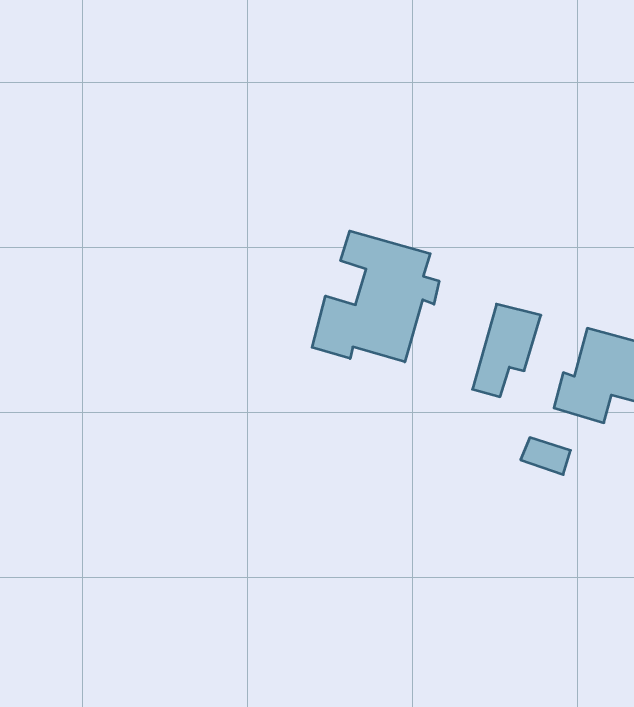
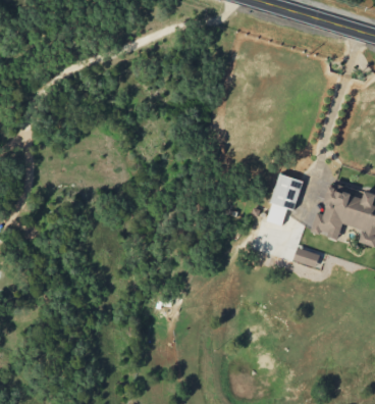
building: [312,231,439,362] -> none

